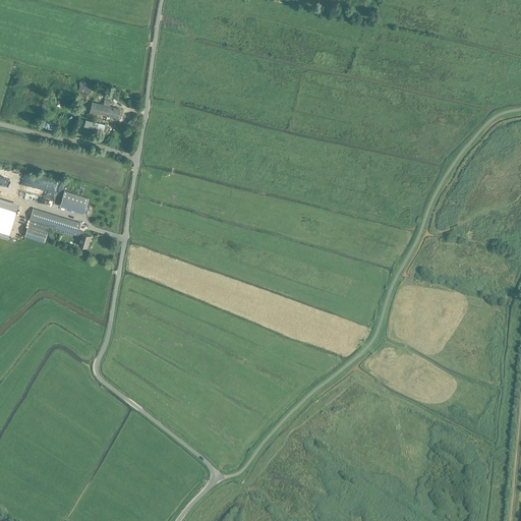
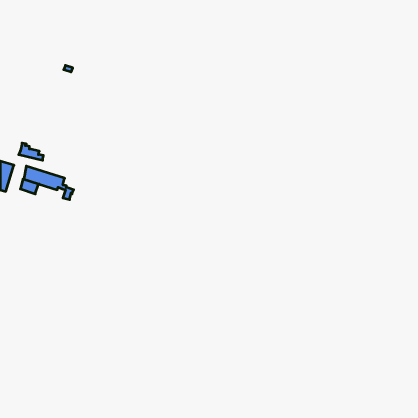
building: [89,99,119,120] -> none
building: [60,190,89,213] -> none

